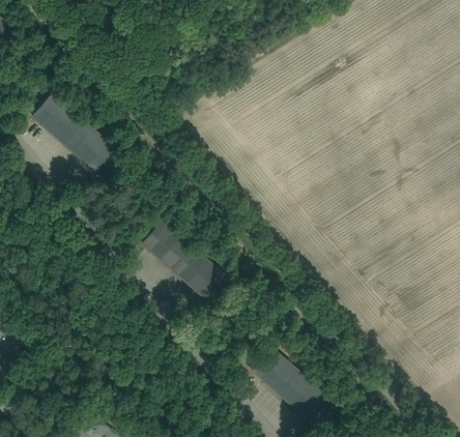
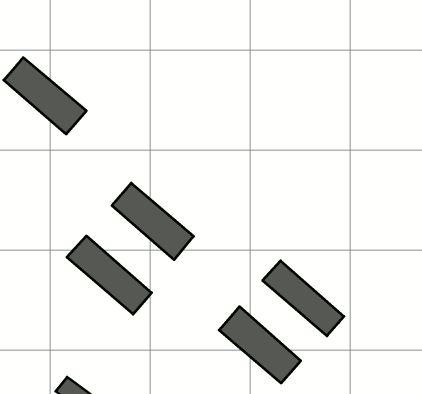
building: none -> [67,236,152,314]
building: none -> [263,261,344,336]

